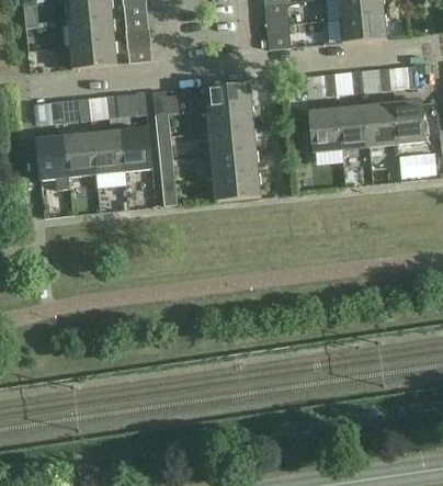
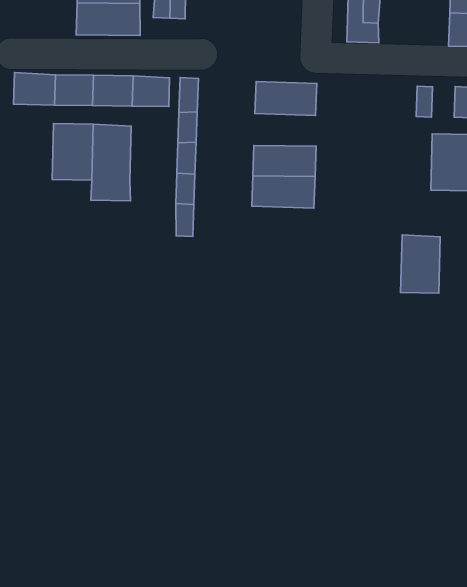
building: [208,104,255,132] -> none
building: [310,106,342,150] -> [401,235,440,293]
building: [121,126,154,169] -> none
building: [36,135,69,189] -> none
building: [215,171,262,199] -> none

